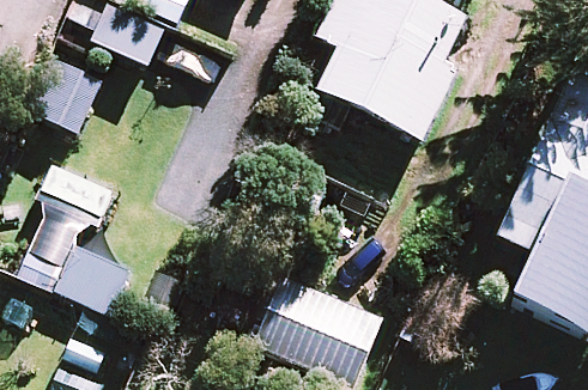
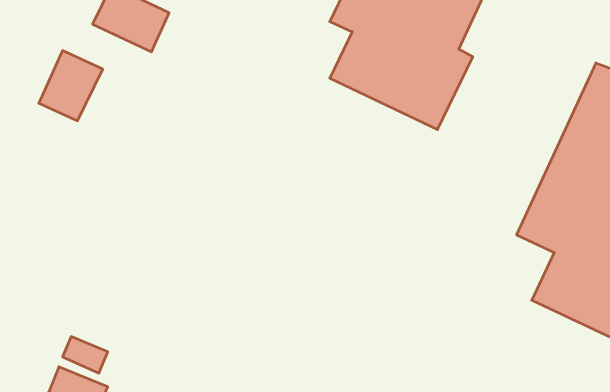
building: [19,158,126,313] -> none
building: [255,279,369,379] -> none

